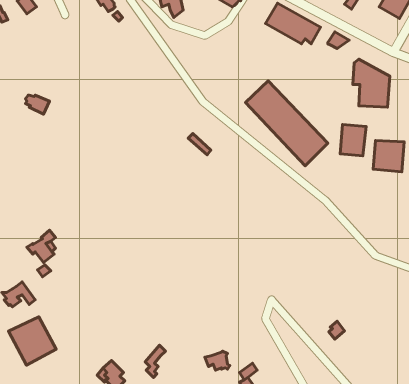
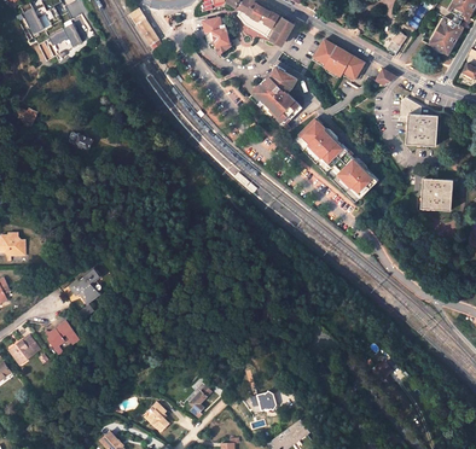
building: none -> [250,65,303,132]
building: [340,124,366,156] -> none
building: [9,317,56,365] -> none

